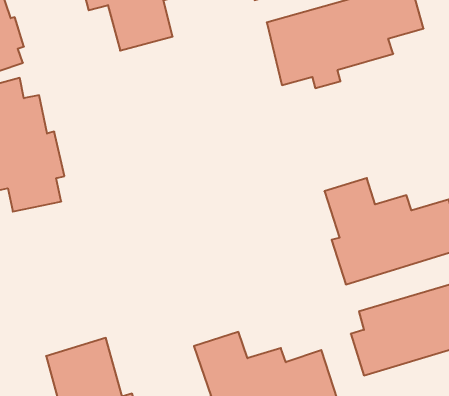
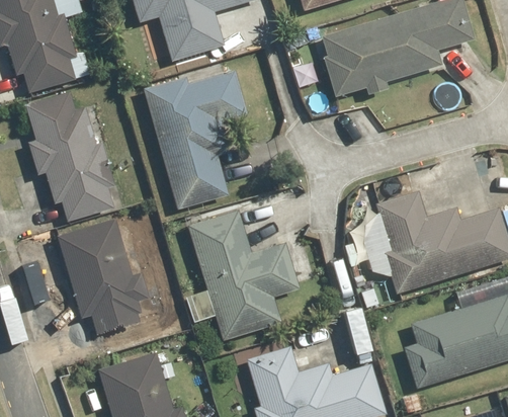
building: none -> [143,70,252,209]
building: none -> [186,204,303,340]
building: none -> [59,218,149,354]

